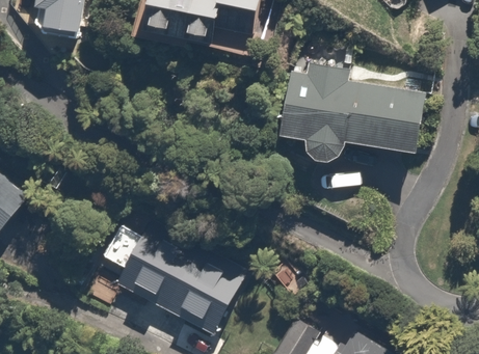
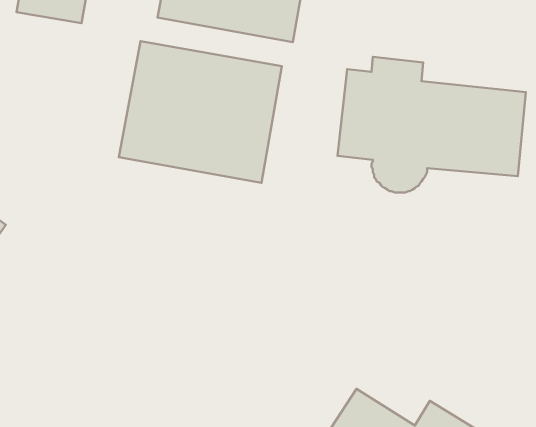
building: none -> [119,41,282,183]
building: [101,228,239,335] -> none

